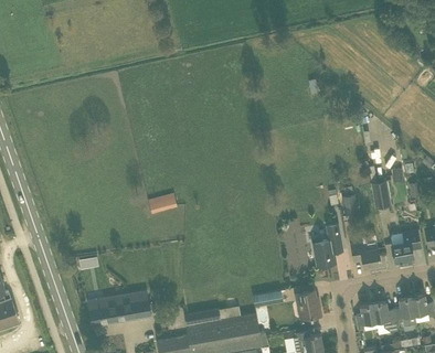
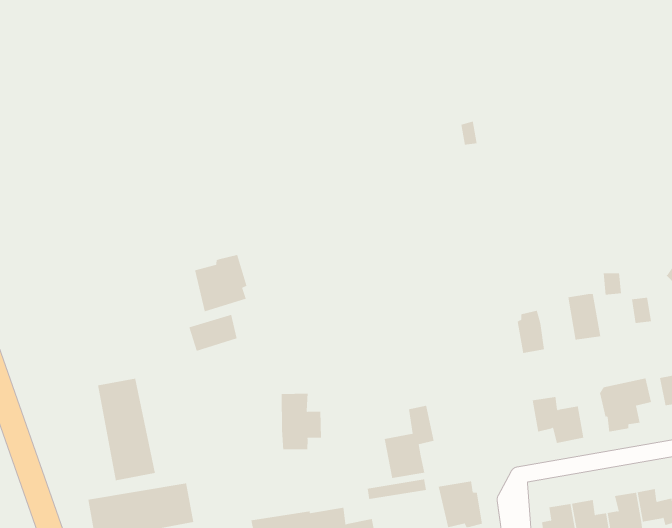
building: none -> [194,254,247,312]
building: [312,223,342,266] -> [384,405,434,478]
building: none -> [97,378,155,481]
building: none -> [281,393,322,450]

